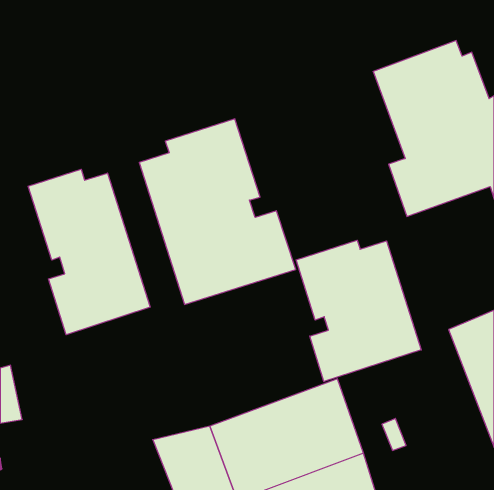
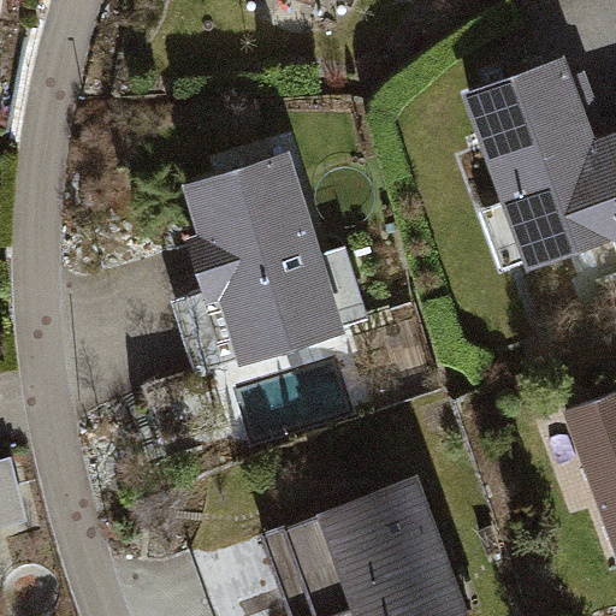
building: [28,169,150,335] -> none
building: [296,240,421,382] -> none

